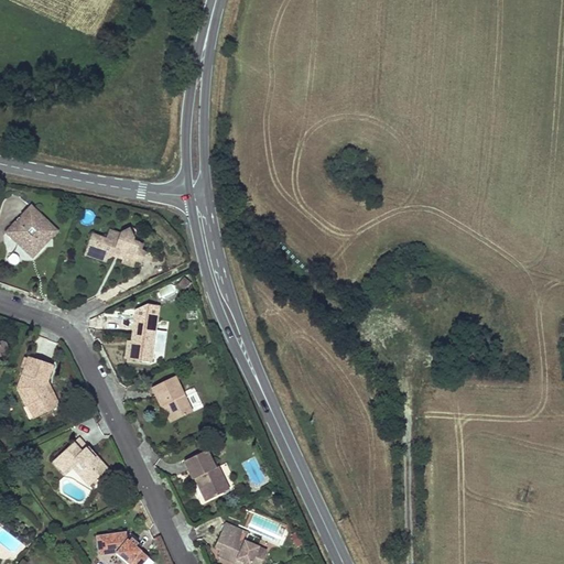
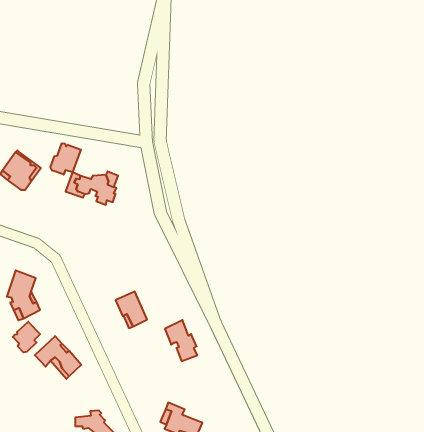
building: none -> [50,143,81,175]
building: [129,308,158,366] -> none
building: none -> [13,322,40,352]
building: [184,449,225,501] -> [165,320,197,361]

